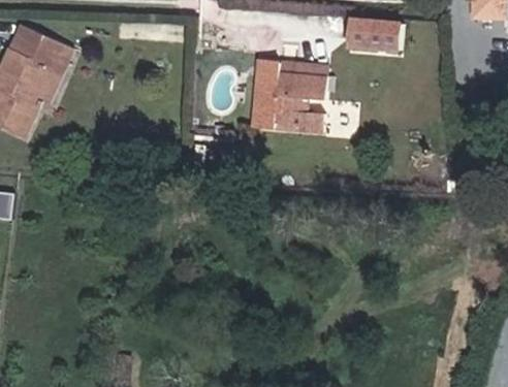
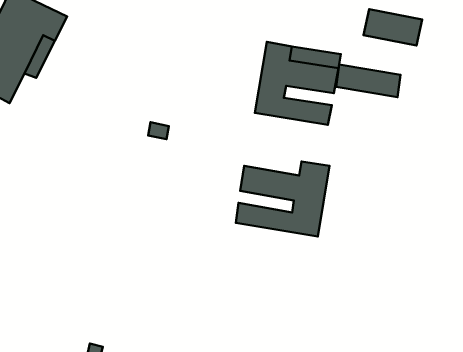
building: none -> [336,64,401,97]
building: none -> [236,161,330,237]

